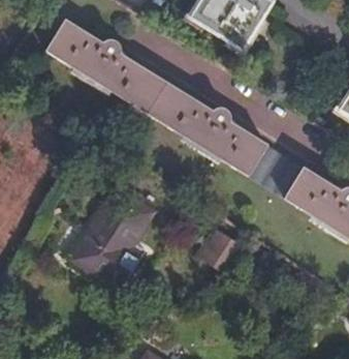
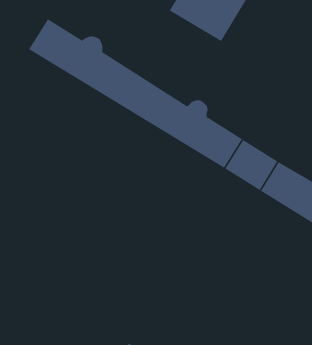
building: [73,184,154,287] -> none
building: [198,230,241,272] -> none

